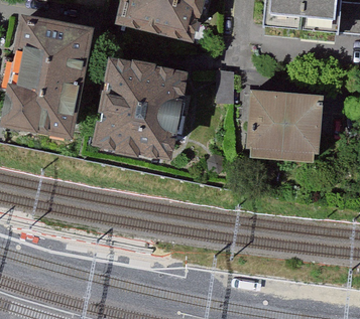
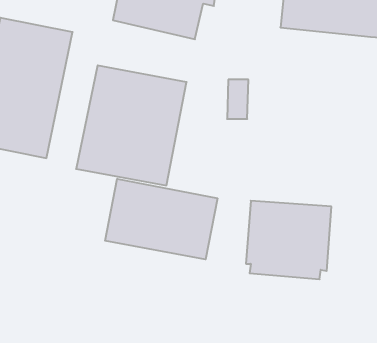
building: [250,92,323,158] -> [246,201,331,279]
building: none -> [105,179,217,259]

